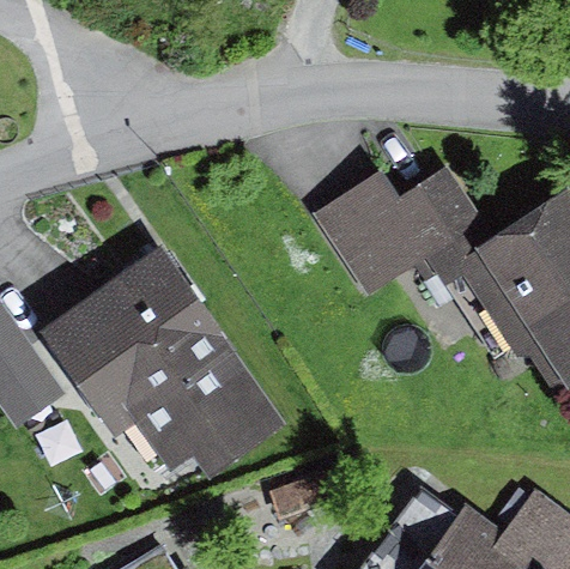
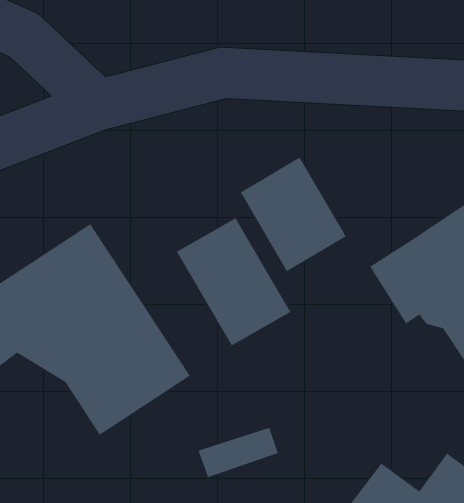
building: [396,171,504,293] -> none
building: none -> [176,217,291,347]

